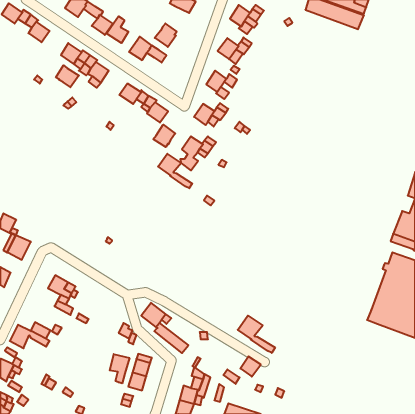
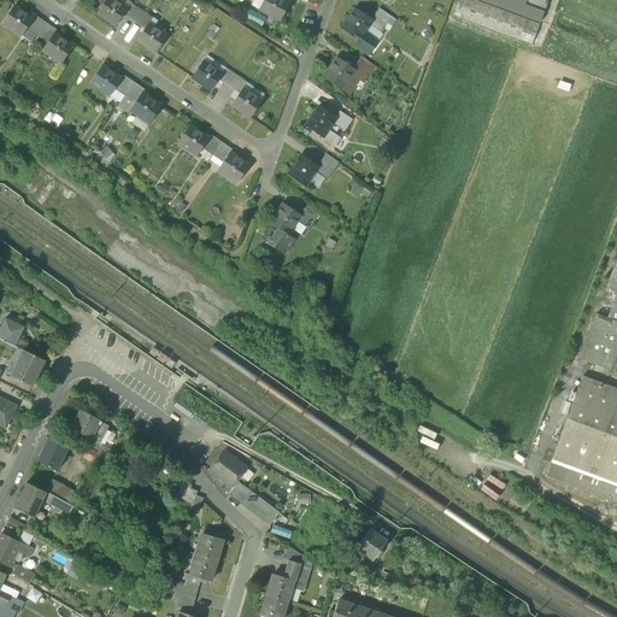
building: [107,16,128,43] -> none
building: [155,23,177,47] -> [231,82,264,117]
building: [56,65,79,87] -> none
building: [153,125,175,147] -> none
building: [158,154,192,188] -> none
building: none -> [37,436,69,470]
building: [238,316,275,353] -> none
building: [110,354,129,383] -> none

